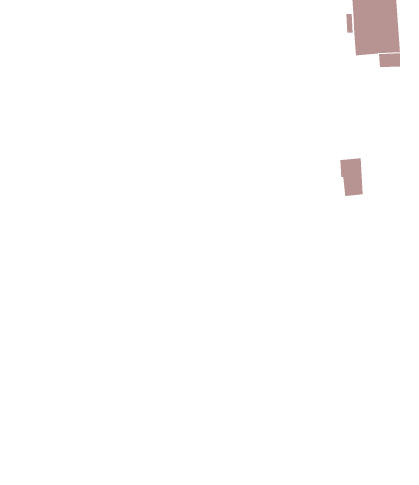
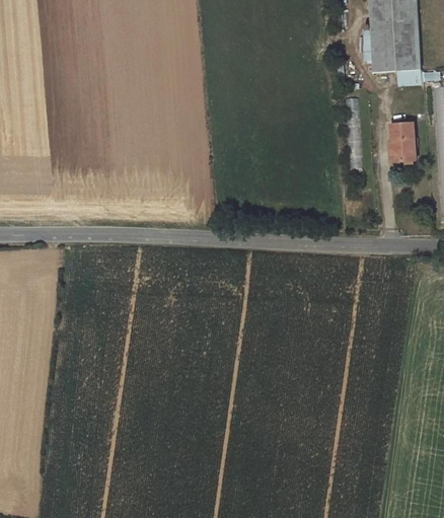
building: [340,158,363,196] -> [390,122,415,161]

